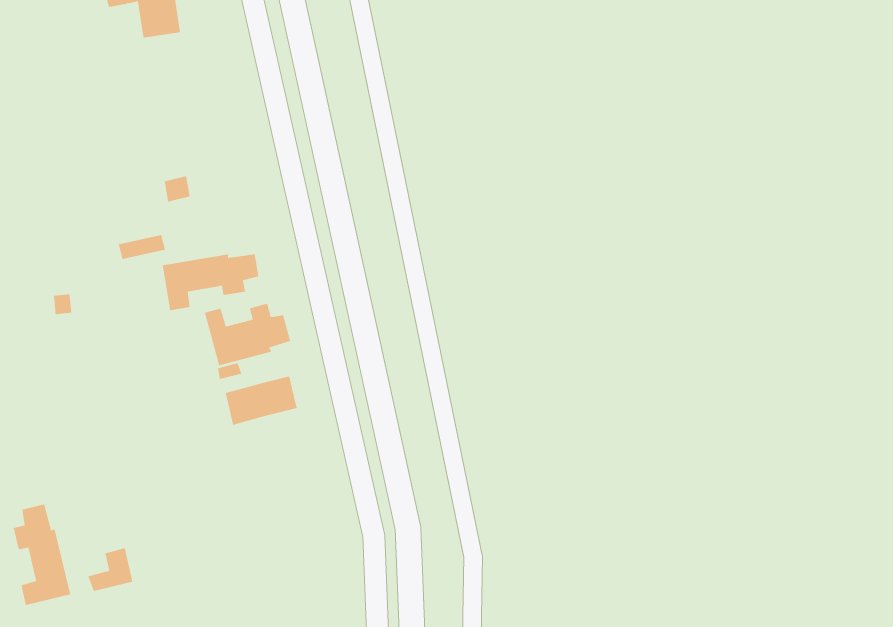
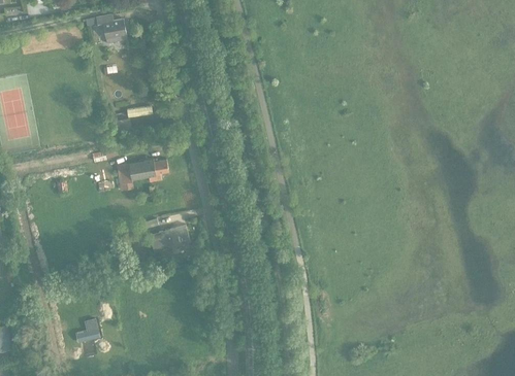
building: [204,303,291,366] -> none
building: [13,504,71,606] -> none

